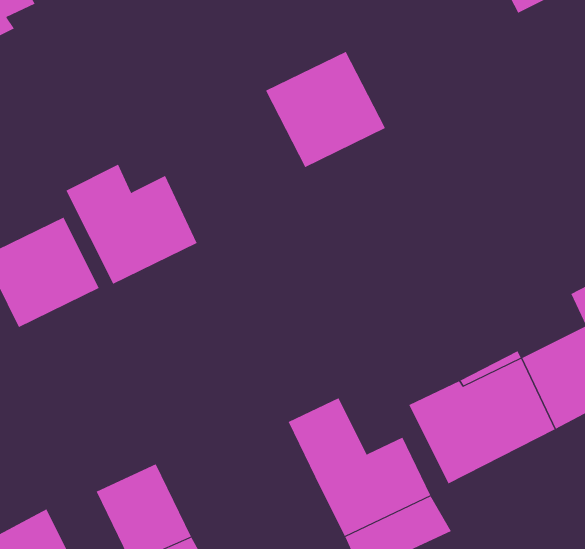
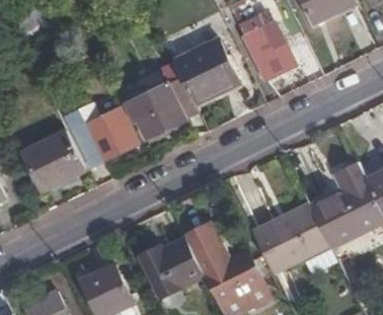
building: none -> [237,20,294,80]
building: none -> [121,62,198,138]
building: none -> [138,237,203,298]

